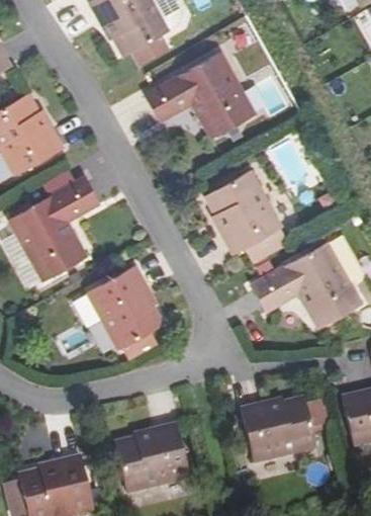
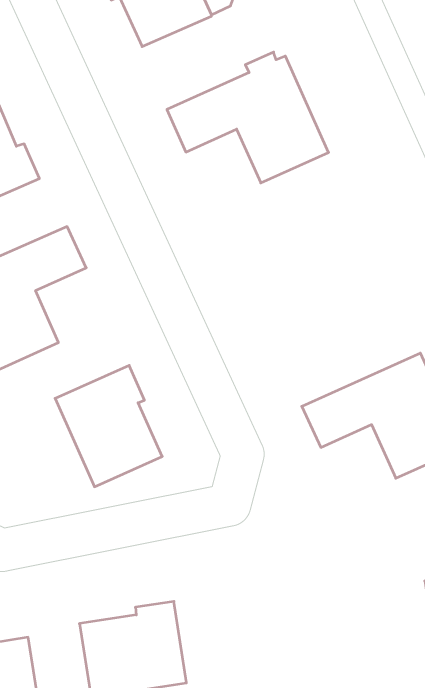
building: [204,172,280,255] -> none
building: [242,398,316,461] -> none

